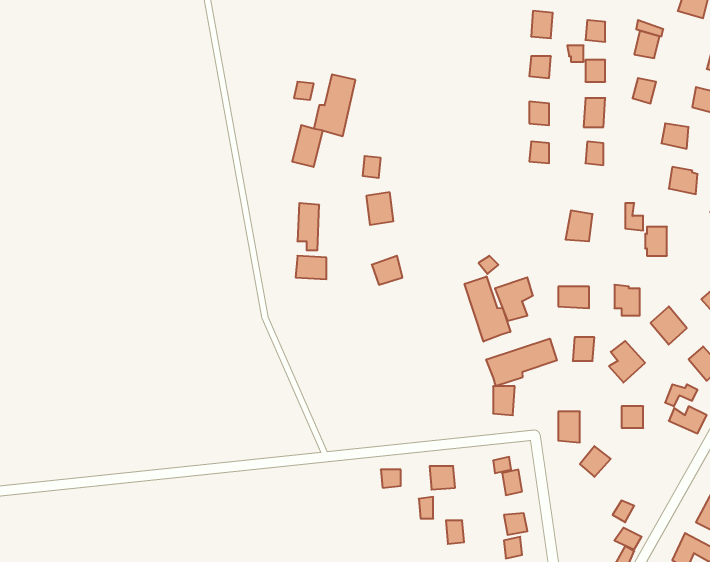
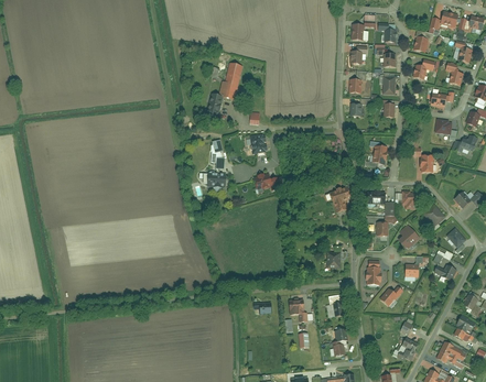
building: [465,276,510,342] -> none
building: [486,339,557,386] -> none

